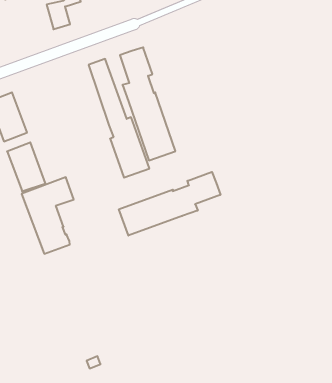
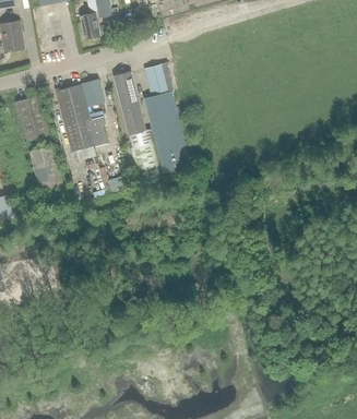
building: [119,172,220,236] -> none
building: [22,177,74,254] -> [56,79,105,149]

